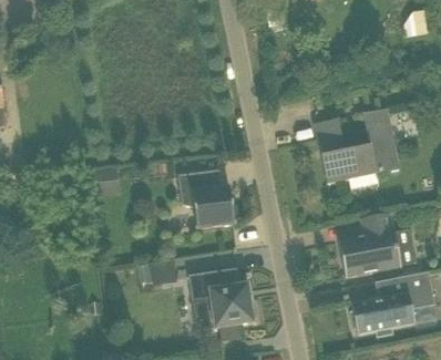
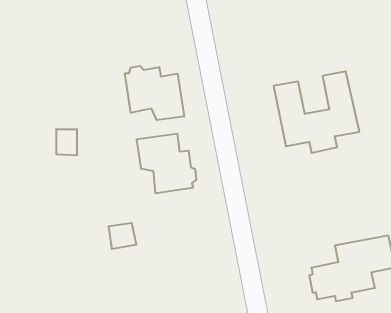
building: none -> [125,66,184,120]
building: [338,212,400,276] -> none
building: [188,267,255,326] -> none

